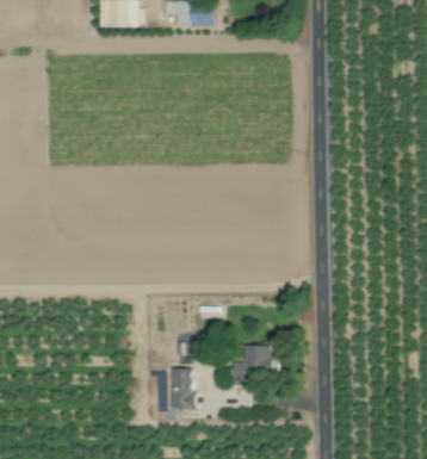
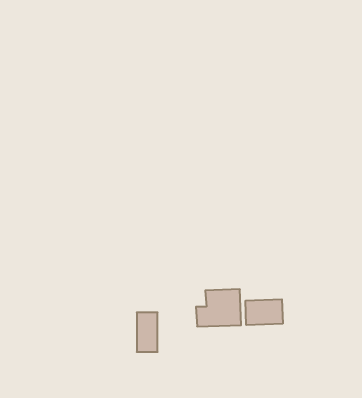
building: none -> [246,299,283,325]

